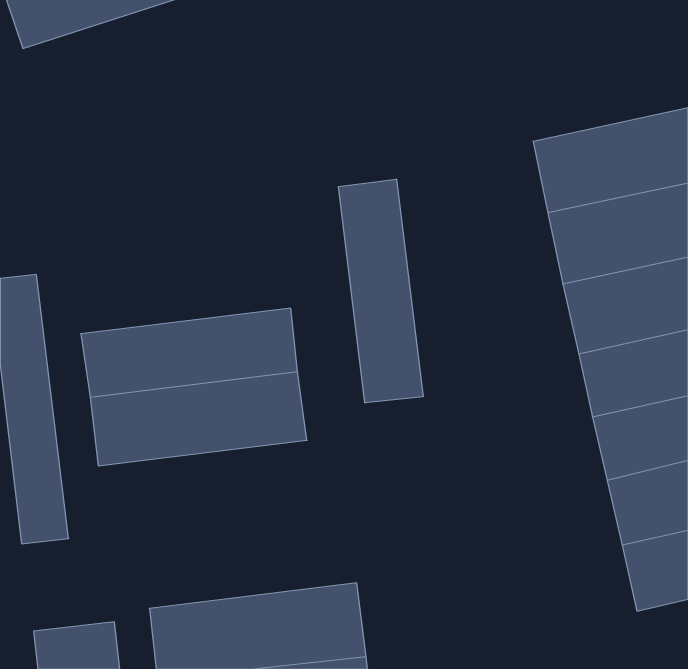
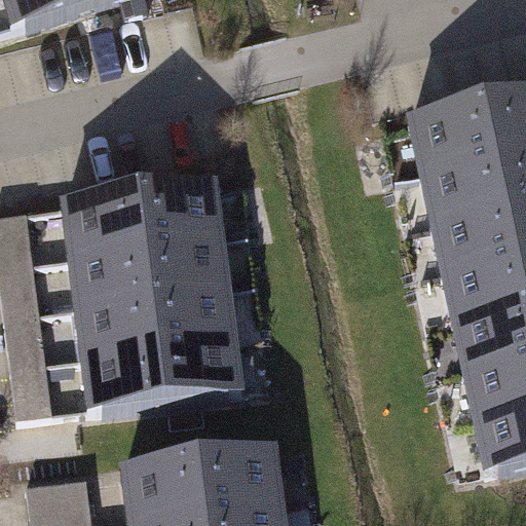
building: [339,179,423,403] -> none
building: none -> [54,177,222,255]
building: none -> [75,336,240,406]

